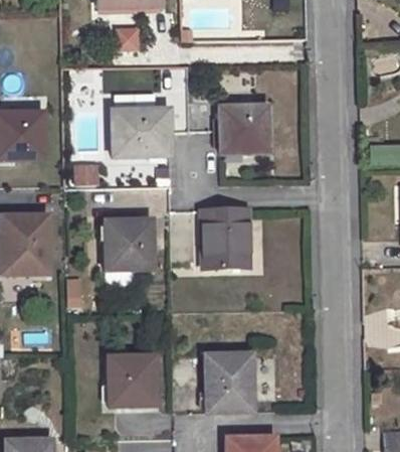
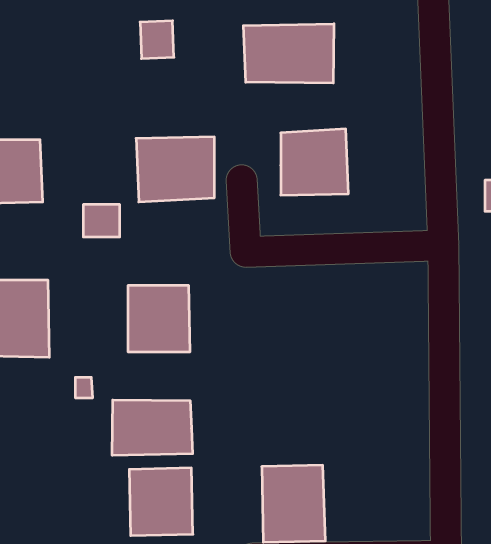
building: none -> [243,24,334,83]
building: [201,209,247,269] -> none
building: none -> [112,400,193,455]

